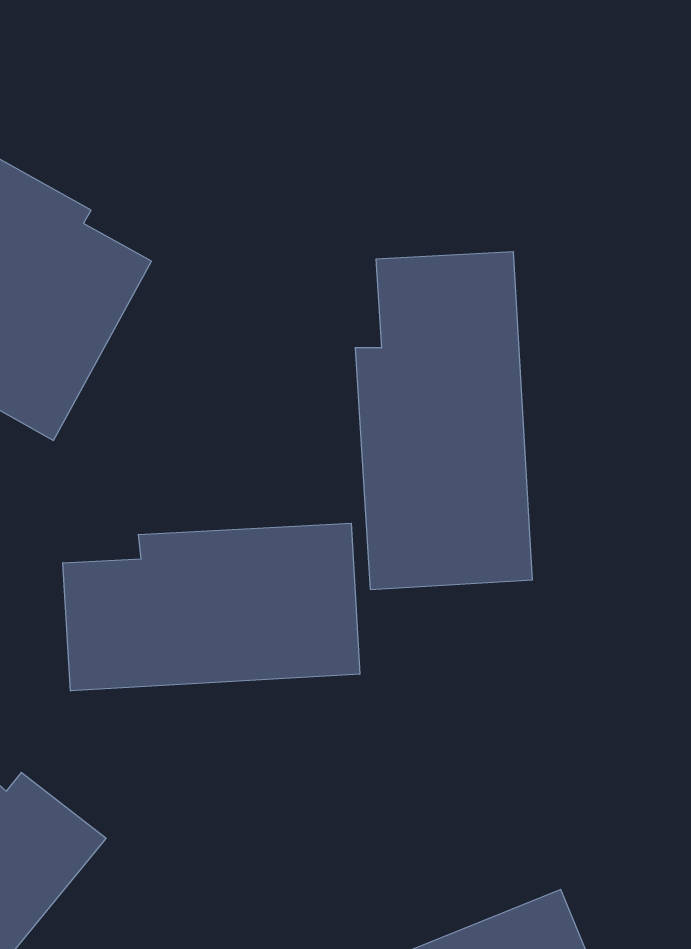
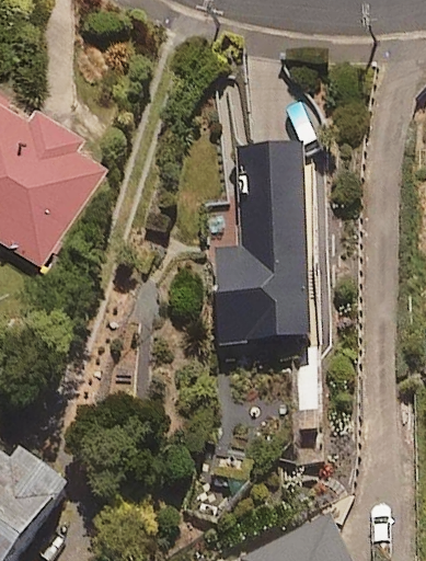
building: [63,523,360,691] -> none

